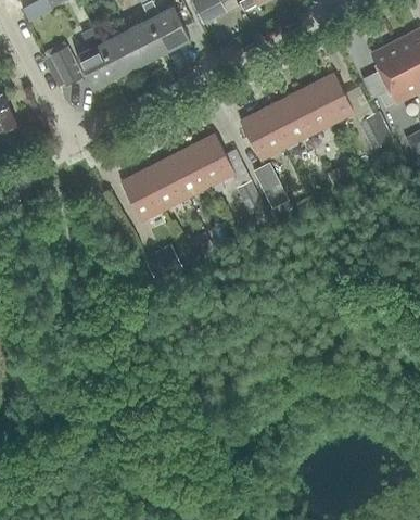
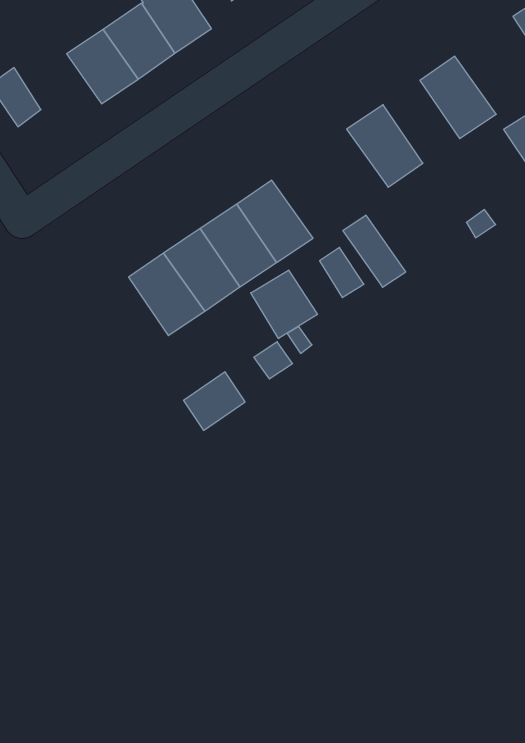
building: [76,33,117,89] -> none
building: [287,86,330,136] -> none
building: [240,110,283,160] -> none
building: none -> [251,270,317,339]

